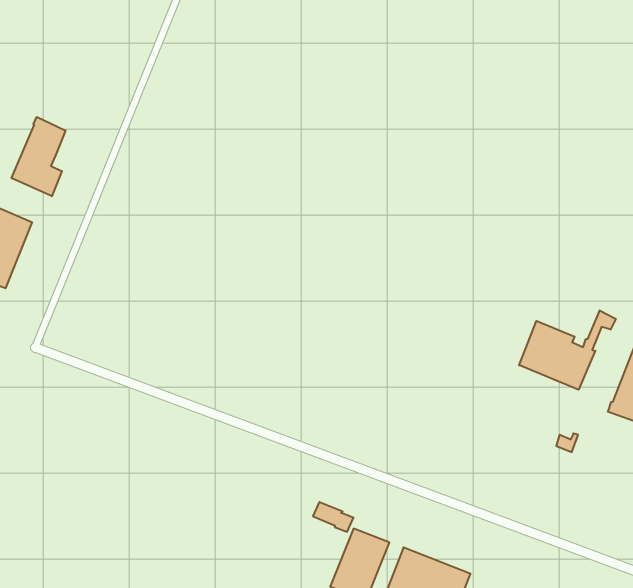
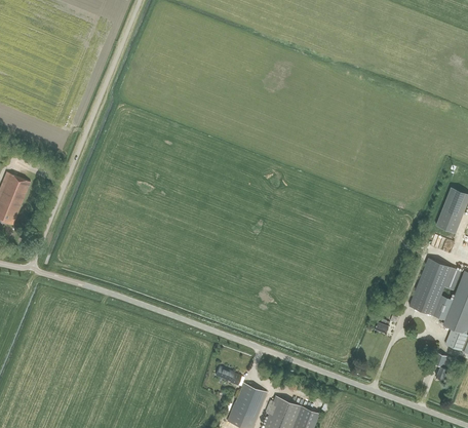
building: [12,117,65,196] -> none
building: [519,310,616,390] -> none

